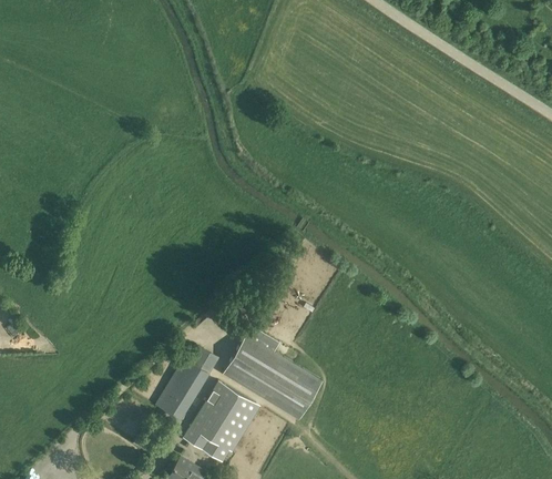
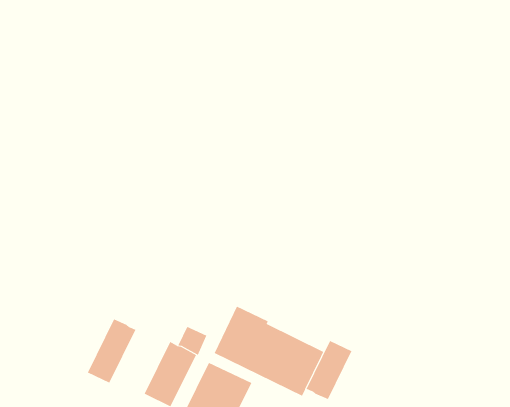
building: none -> [87,319,136,384]
building: none -> [306,340,352,400]

